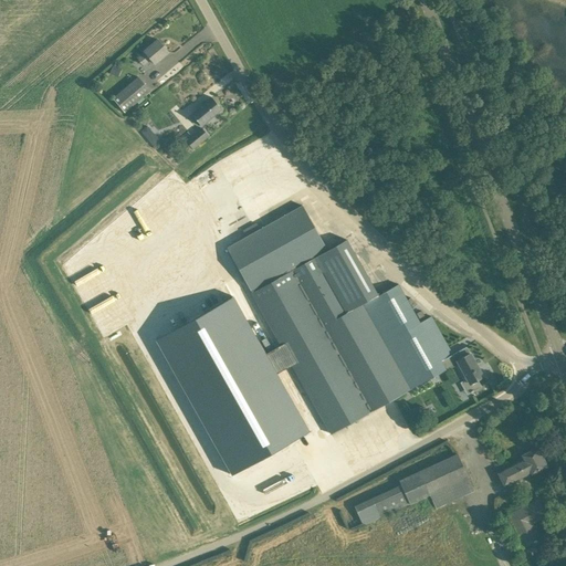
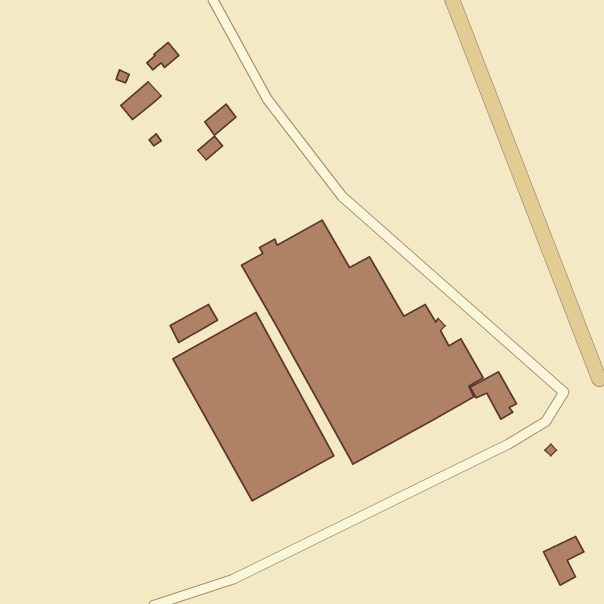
building: none -> [170,305,218,342]
building: [496,448,546,488] -> none
building: [353,454,473,526] -> none

